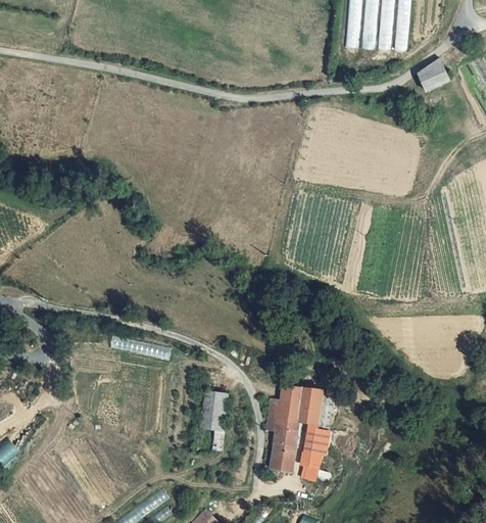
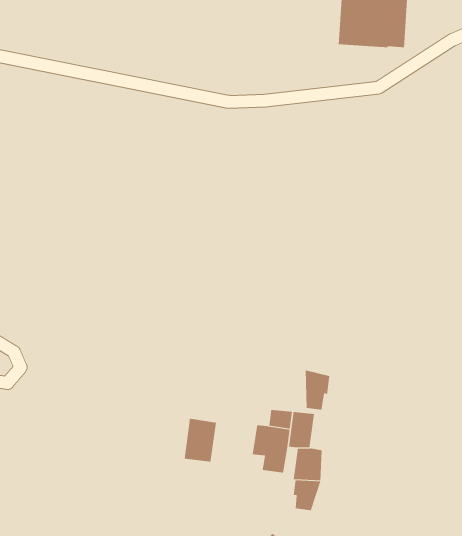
building: [417,58,447,91] -> none
building: none -> [305,369,330,410]
building: [270,440,293,470] -> none

